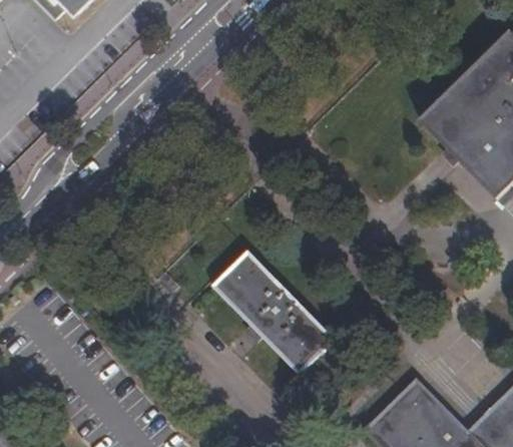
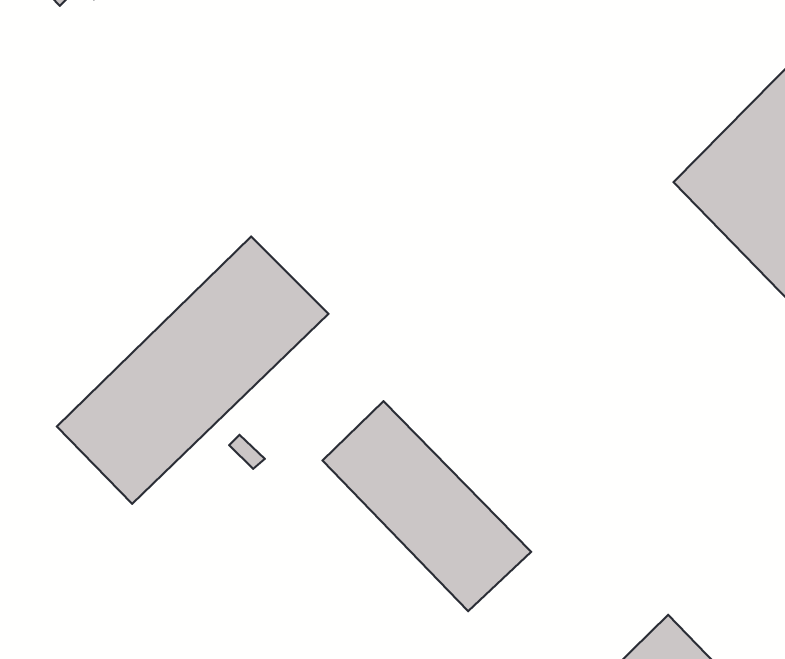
building: none -> [57,236,329,504]

